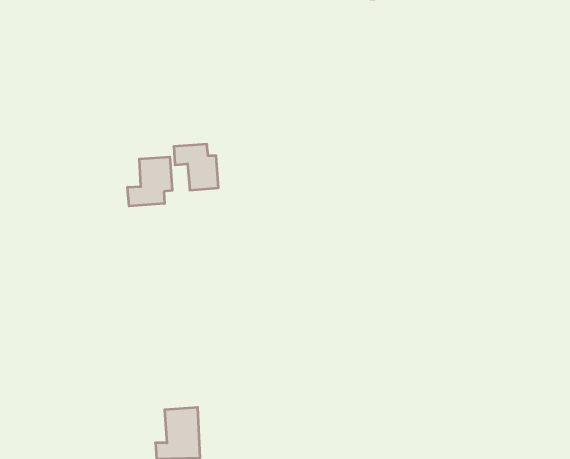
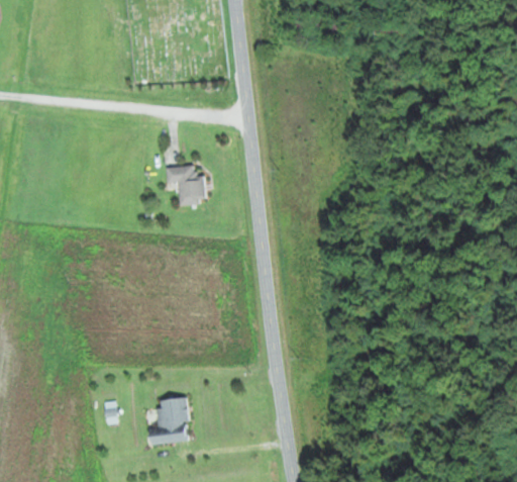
building: [128,157,172,206] -> none

